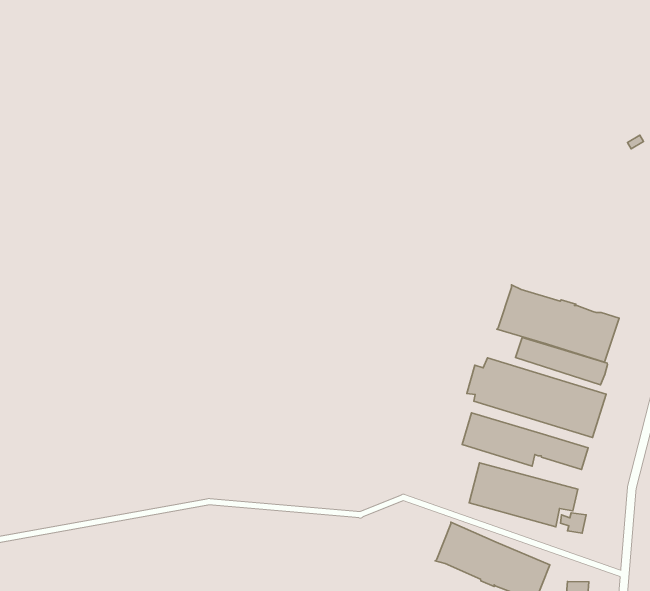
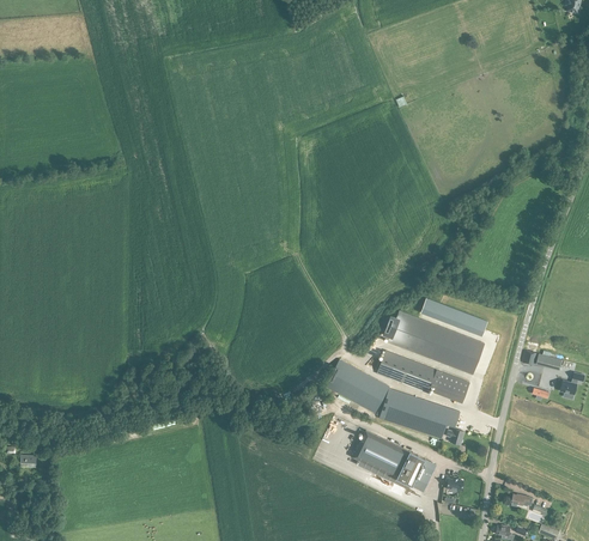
building: [497,285,619,362] -> none
building: none -> [326,359,389,413]

